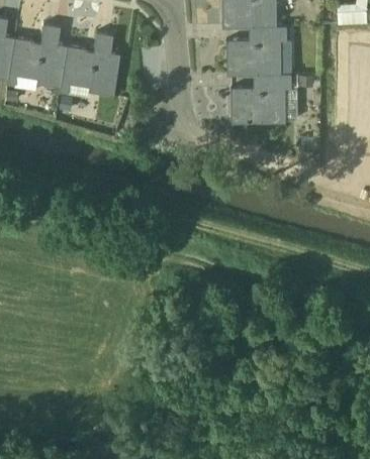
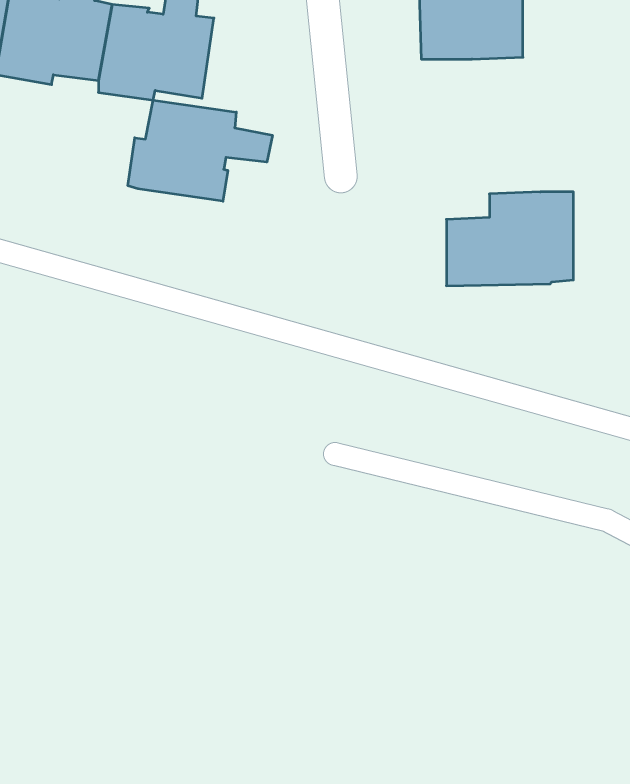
building: [232,75,297,123] -> [446,192,573,286]
building: none -> [128,100,272,201]

